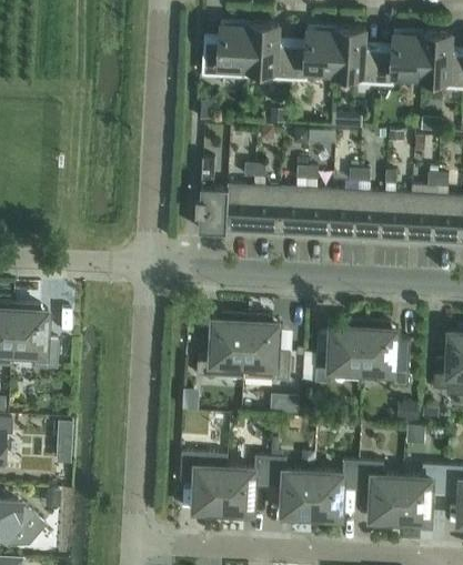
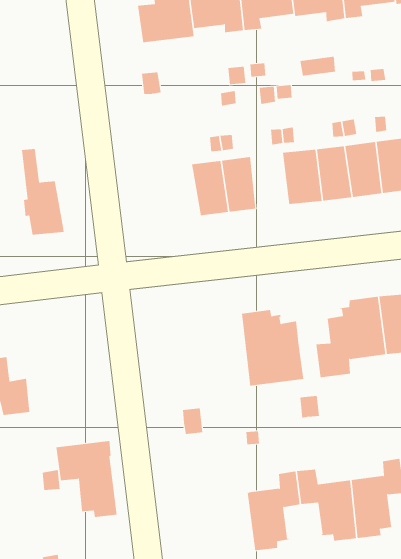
building: [194,158,225,233] -> [21,149,65,235]
building: [273,186,303,232] -> none
building: [195,315,245,379] -> none
building: [179,452,227,517] -> [56,440,118,517]

